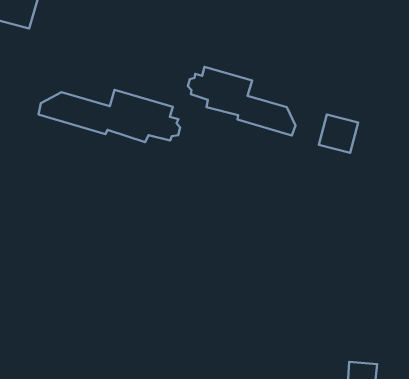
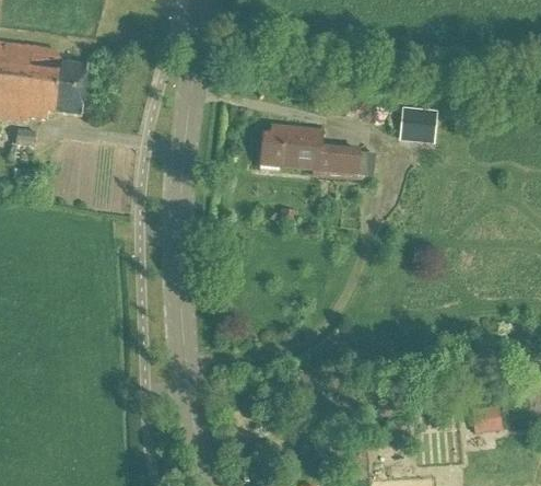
building: [39,90,180,142] -> none
building: [319,114,358,153] -> [398,105,435,141]

